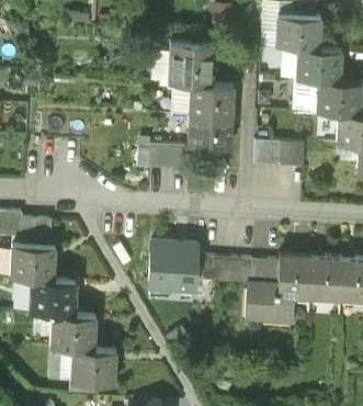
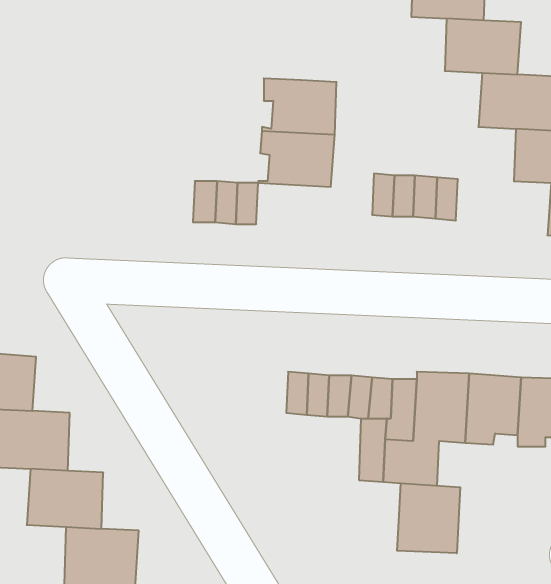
building: [169,44,213,86] -> none
building: [149,244,197,290] -> none
building: none -> [397,483,460,553]

